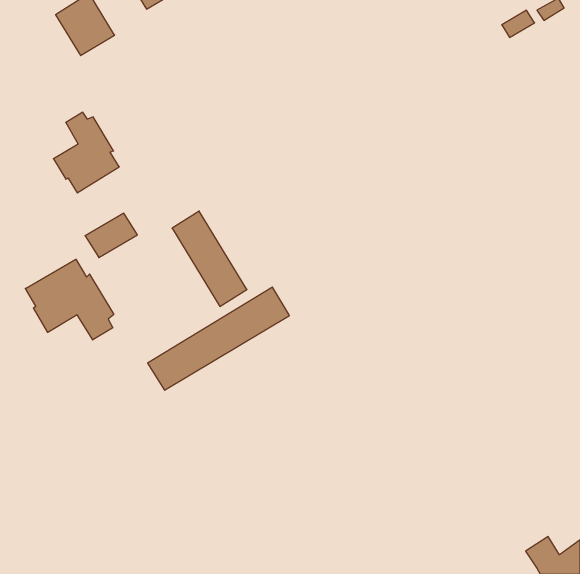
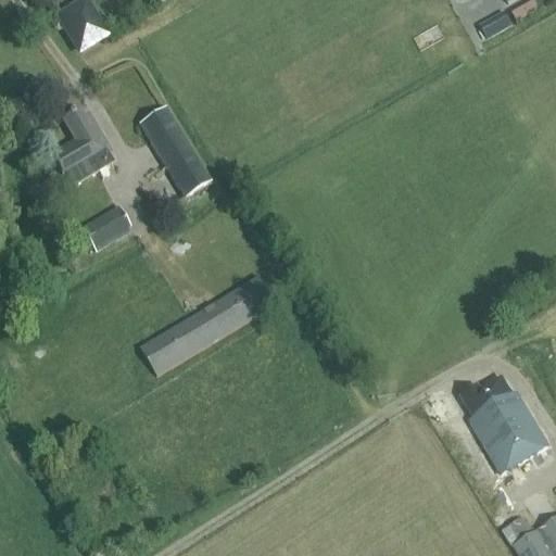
building: [172,211,247,306] -> [139,104,211,195]
building: [25,259,114,340] -> none
building: none -> [463,377,549,472]

